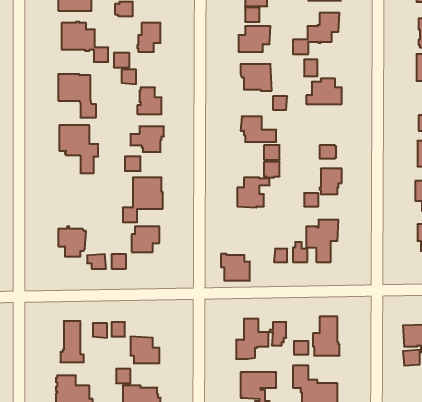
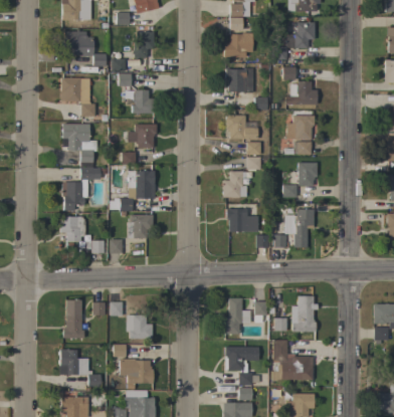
building: none -> [292,116,315,140]
building: none -> [63,167,101,211]
building: [221,254,250,281] -> [226,208,252,232]

